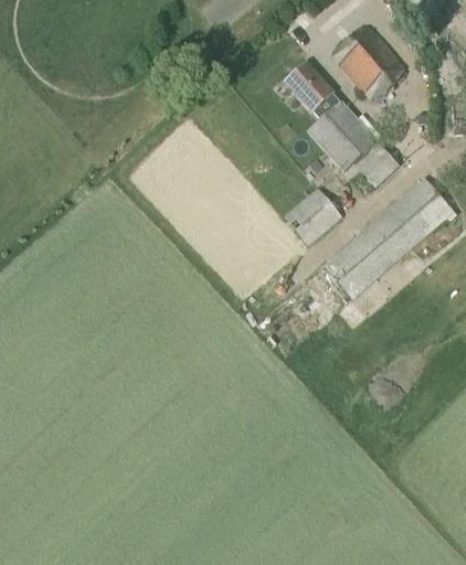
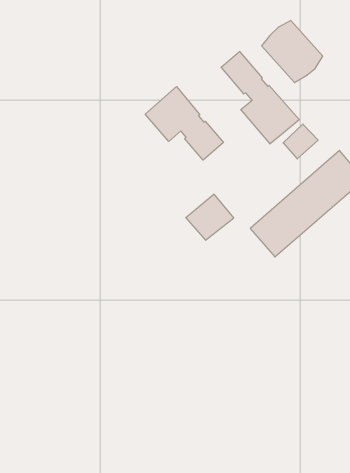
building: none -> [145,87,223,160]
building: [285,189,341,243] -> [186,194,234,240]

